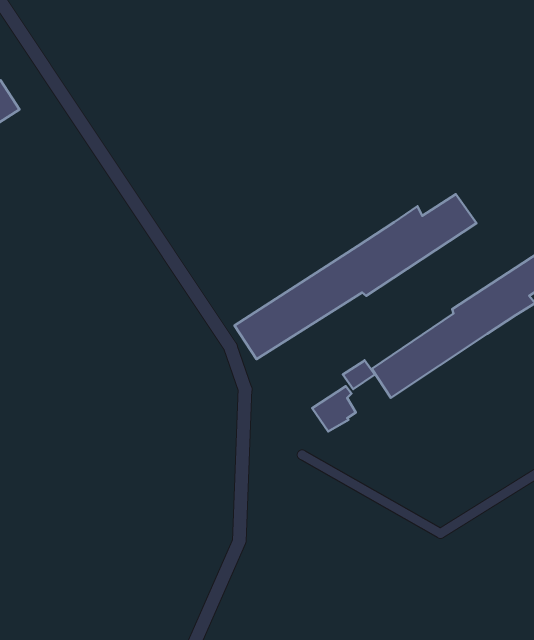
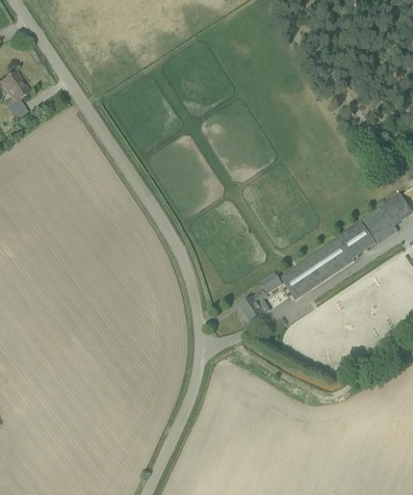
building: [234,194,476,359] -> none

